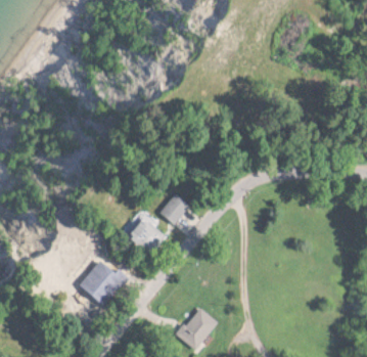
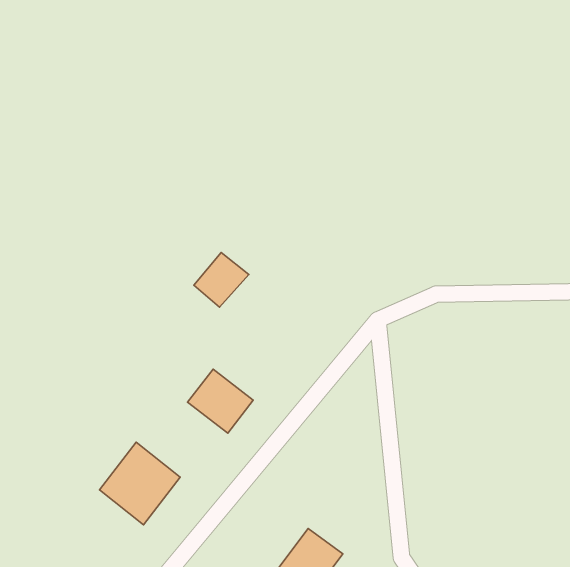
building: [159,193,190,224] -> [194,252,249,307]

